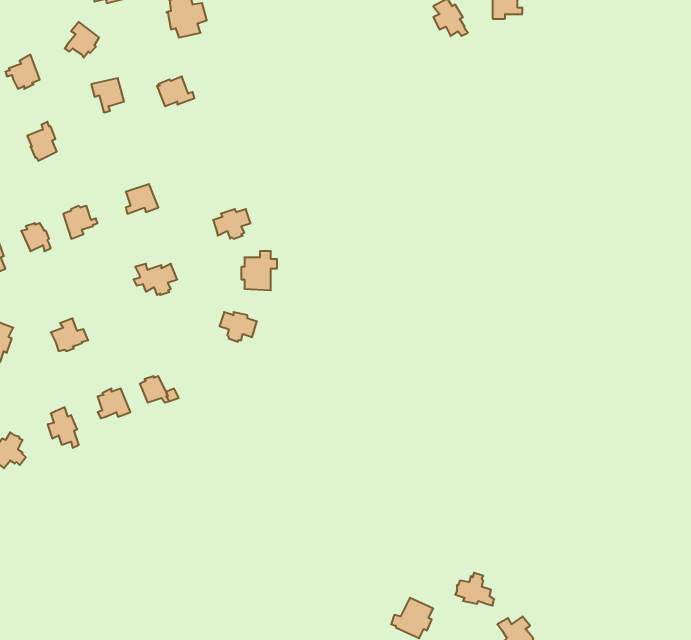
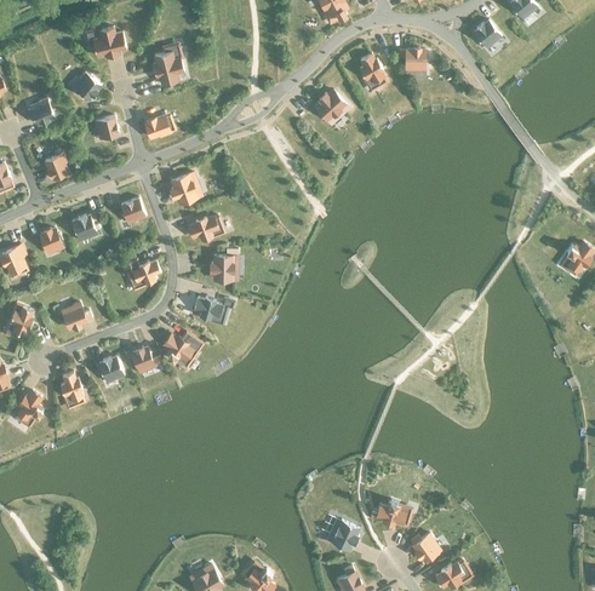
building: none -> [314,91,348,121]
building: none -> [170,173,196,203]
building: none -> [164,334,201,361]

